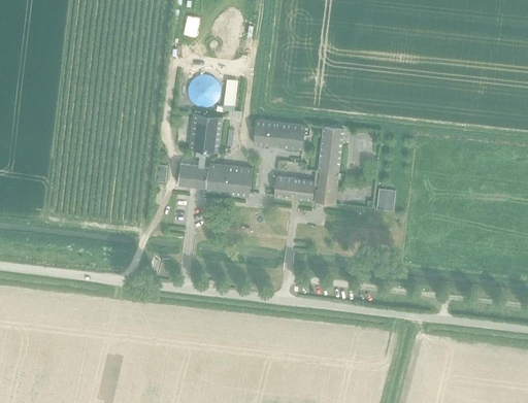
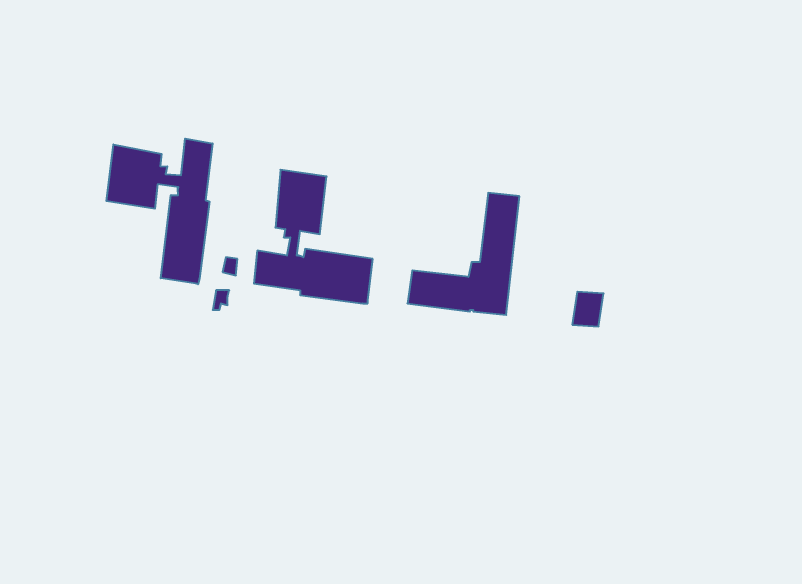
building: none -> [106,139,213,284]
building: [253,119,304,148] -> none

